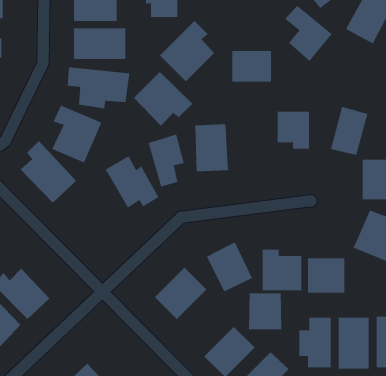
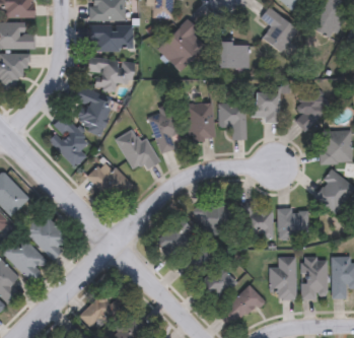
building: [133,71,193,127] -> none
building: none -> [219,102,246,139]
building: none -> [87,159,132,205]
building: [248,293,282,330] -> none

